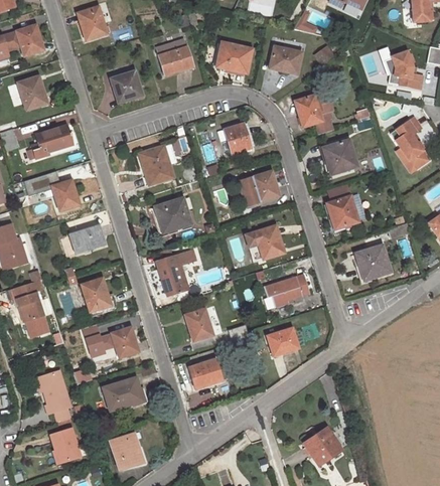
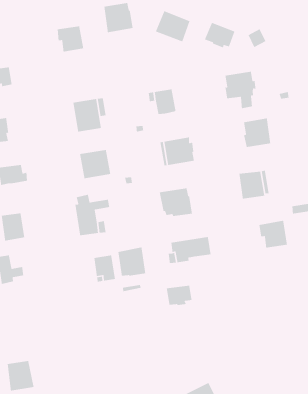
building: none -> [117,247,146,277]
building: [111,327,138,357] -> none
building: [189,359,221,386] -> none
building: [102,377,142,411] -> none

